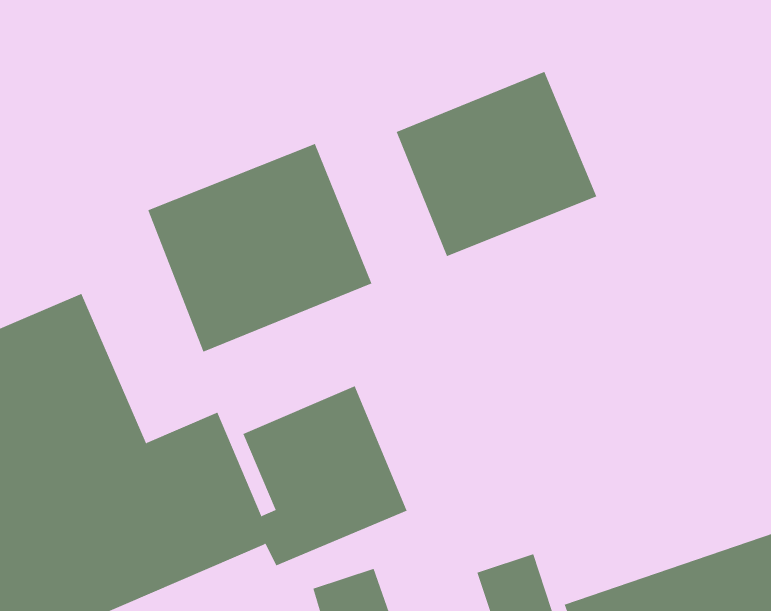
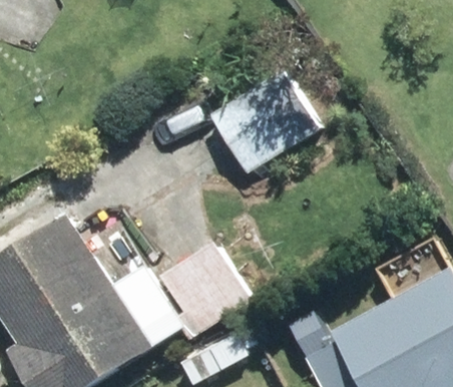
building: [148,143,372,353] -> none

